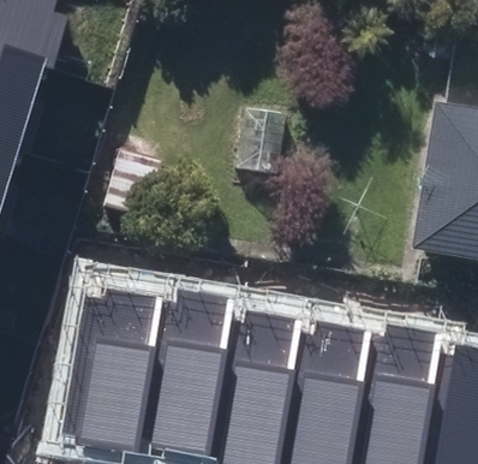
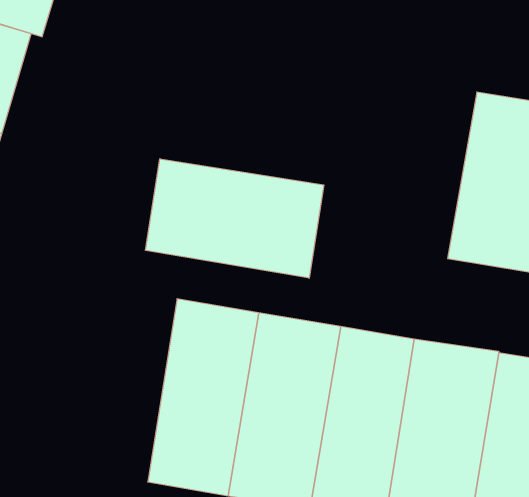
building: none -> [146,159,324,278]
building: [68,278,169,447] -> none

